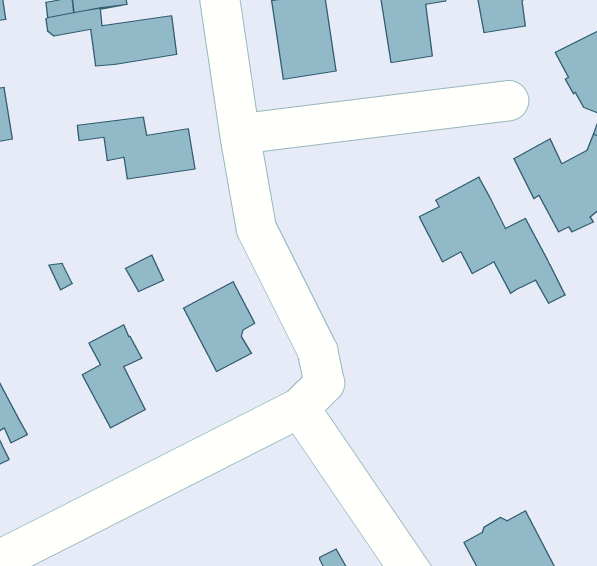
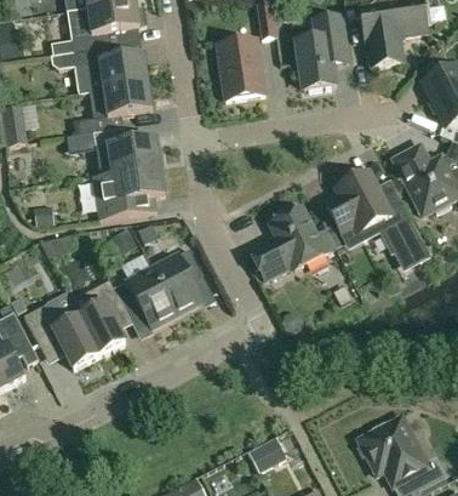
building: none -> [73,80,153,132]
building: none -> [93,164,165,217]
building: none -> [250,205,342,276]
building: none -> [114,266,177,325]
building: none -> [24,302,99,366]

